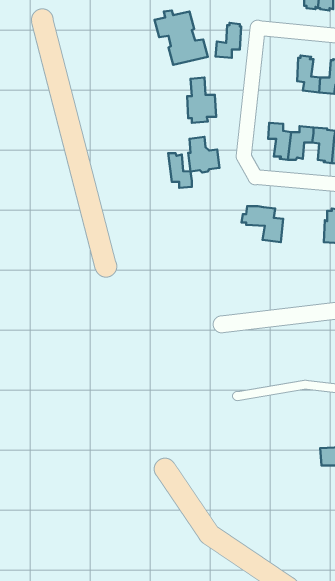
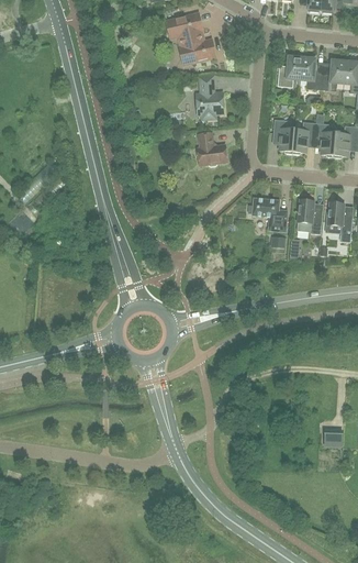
building: [216,23,241,58] -> [278,53,302,86]
building: [168,153,192,188] -> none
building: none -> [297,197,323,233]

